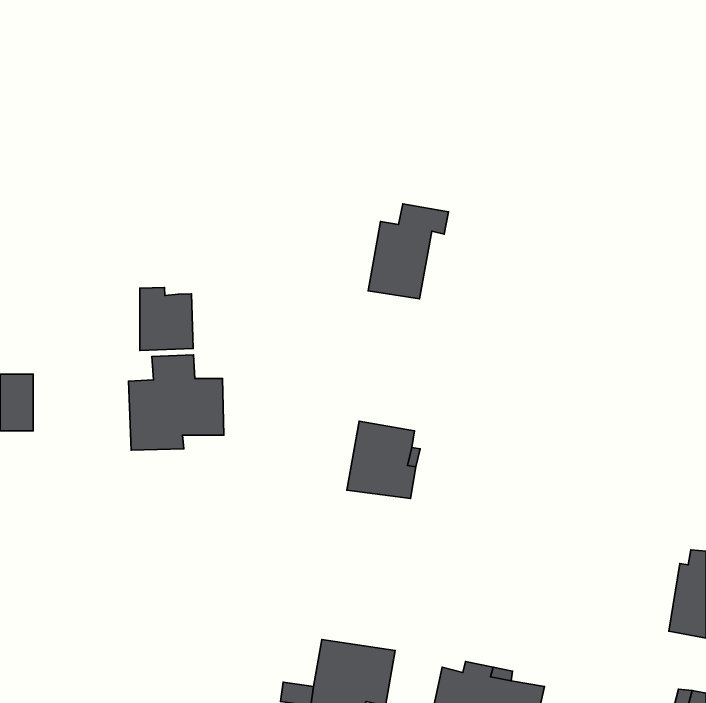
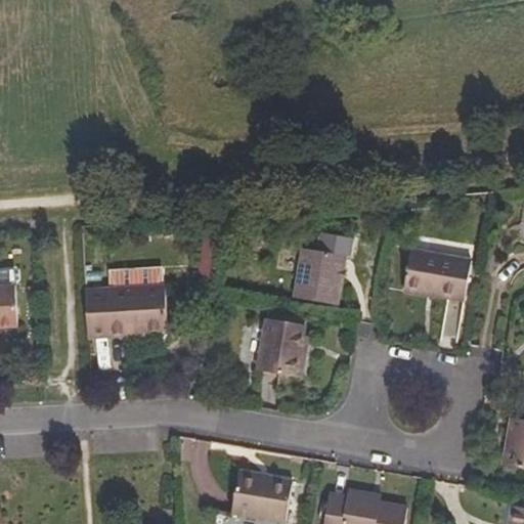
building: [368,204,448,299] -> [296,230,355,301]
building: [140,287,193,351] -> none
building: none -> [399,248,467,301]

